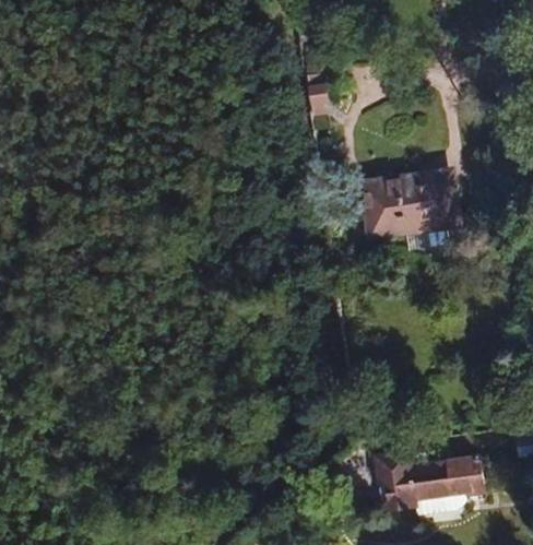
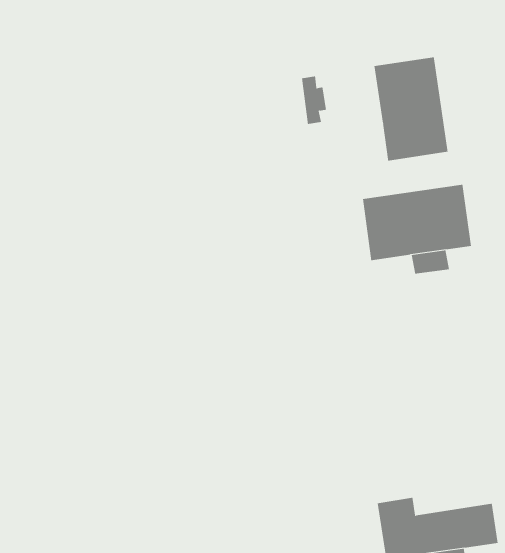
building: none -> [374,56,448,161]

